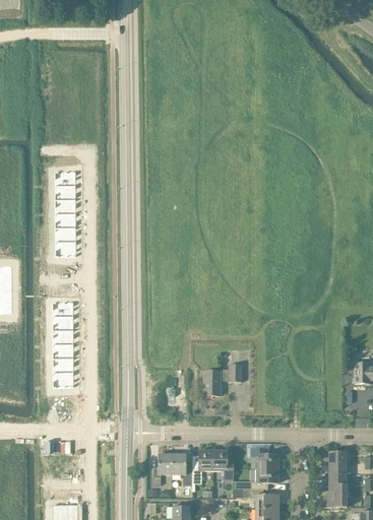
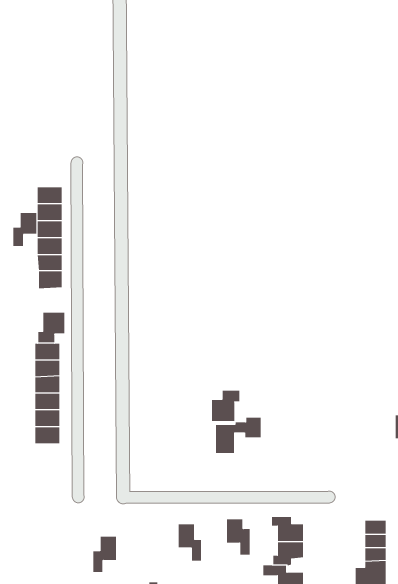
building: none -> [13,212,37,247]
building: none -> [38,312,65,343]
building: none -> [212,390,240,422]
building: [193,450,213,483] -> none
building: [152,454,173,484] -> [92,536,117,573]

